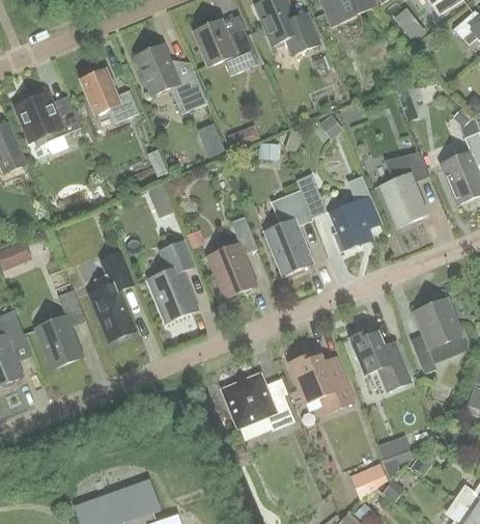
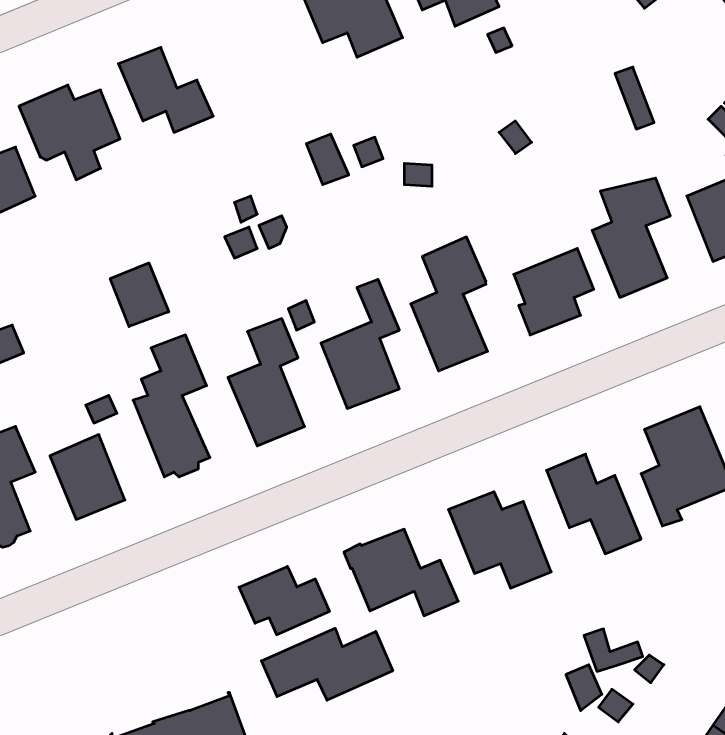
building: [135,44,207,113] -> none
building: [297,173,327,217] -> none
building: none -> [110,263,169,327]
building: none -> [239,566,329,635]
building: none -> [261,628,393,700]

